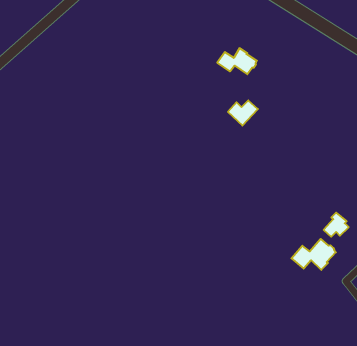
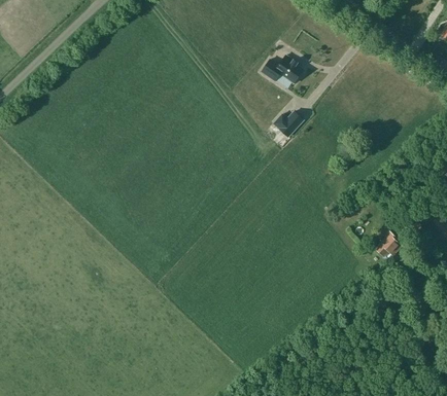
building: [291,239,336,270] -> none

